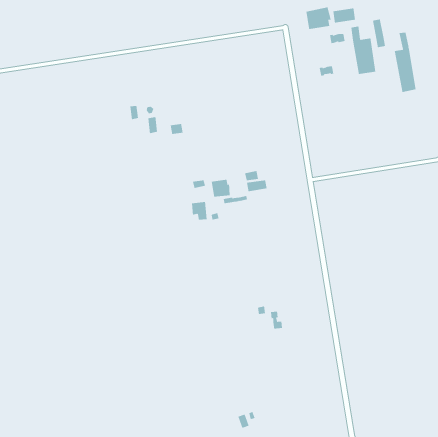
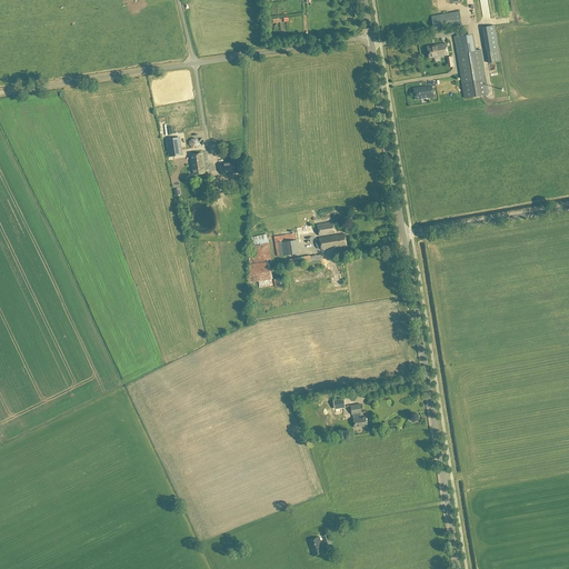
building: [306,7,331,30] -> none
building: [394,32,416,93] -> none

